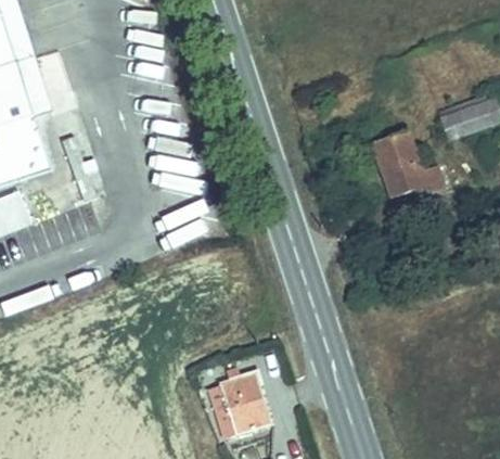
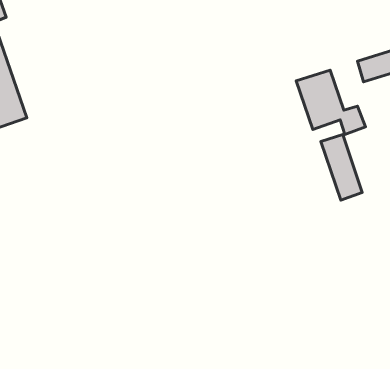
building: none -> [321,135,362,200]
building: [209,385,260,441] -> none

